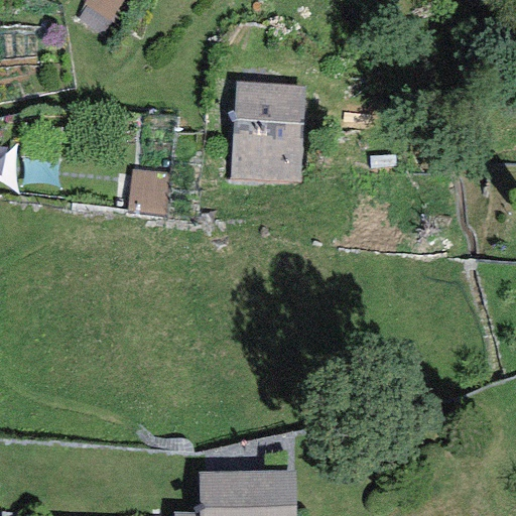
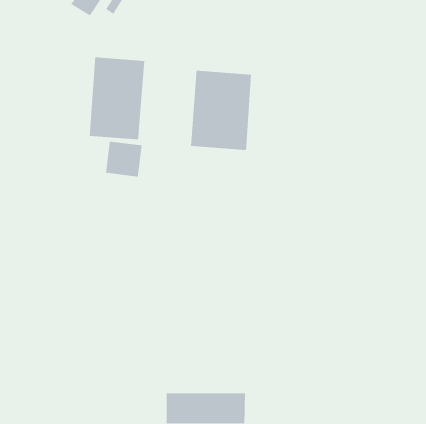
building: none -> [89,57,145,140]

